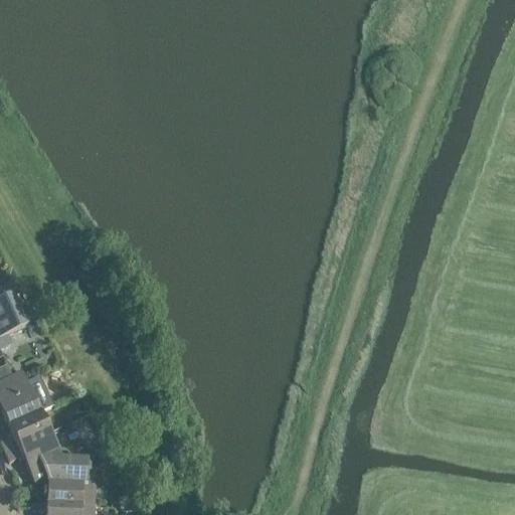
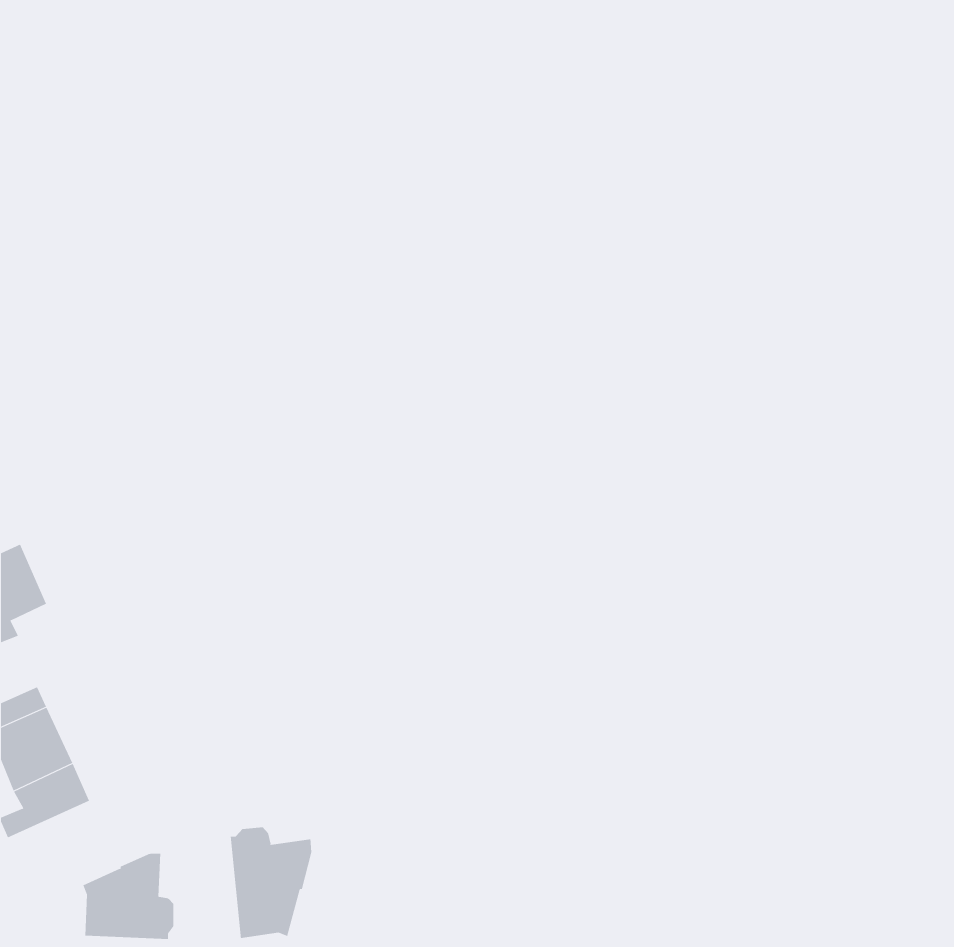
building: [6,430,66,481] -> none
building: none -> [230,827,312,939]

